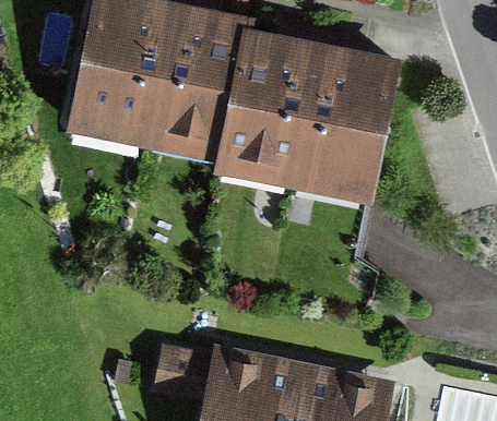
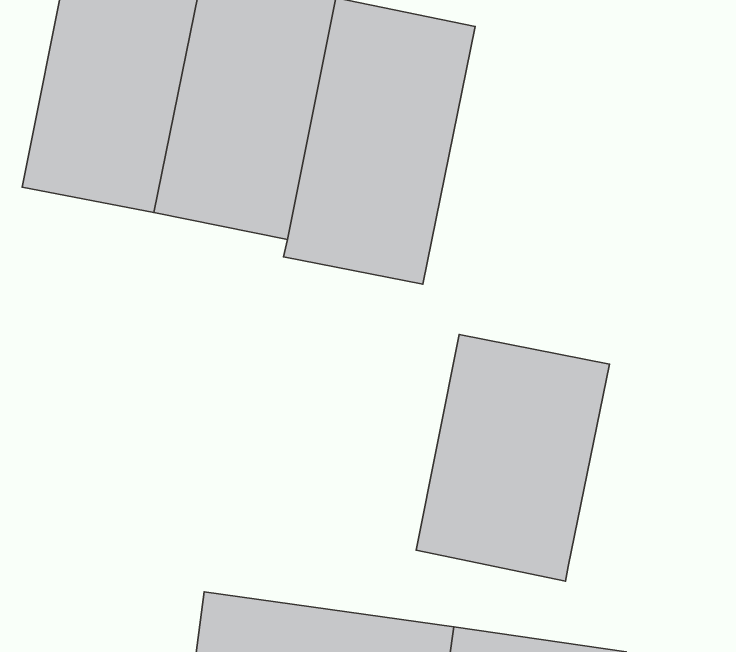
building: [288,40,398,202] -> none
building: none -> [416,335,609,581]

